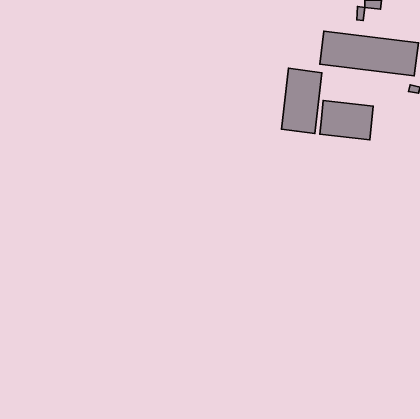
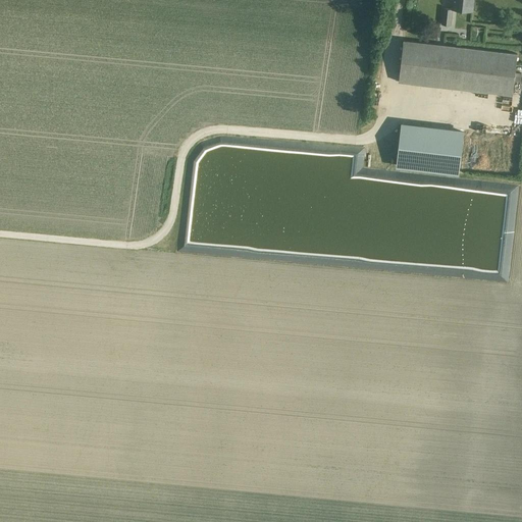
building: [282,68,322,134] -> none

